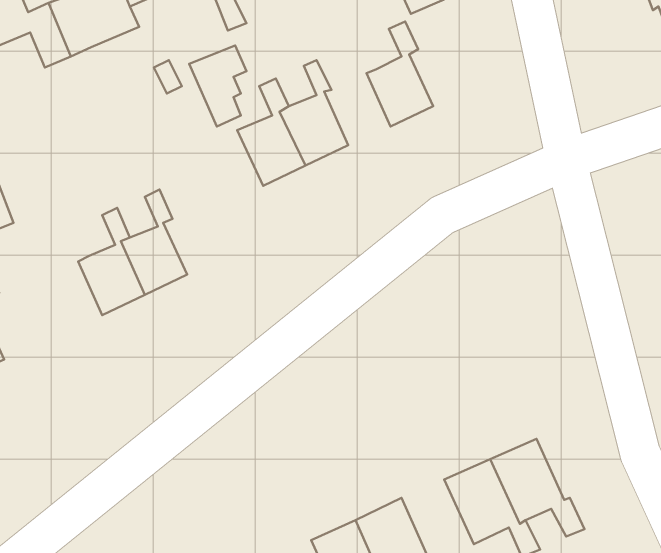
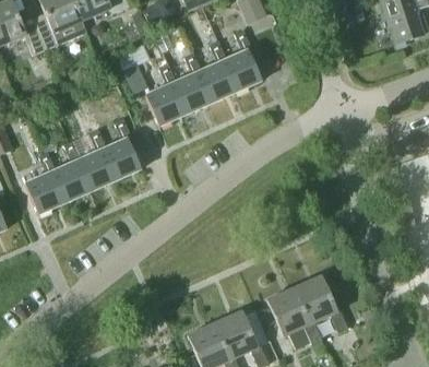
building: none -> [194,39,234,102]
building: none -> [99,117,139,178]
building: none -> [24,150,63,213]

